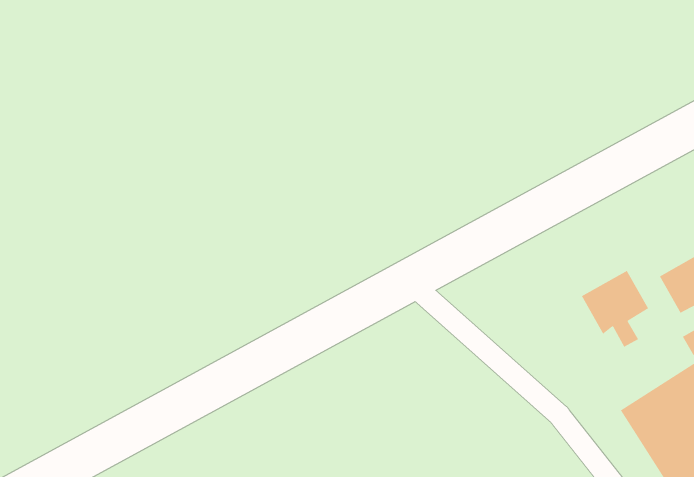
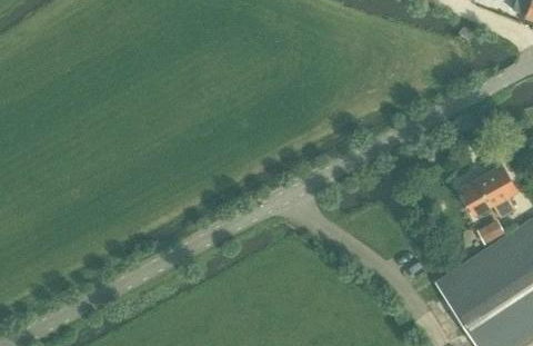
building: [581,270,649,348] -> none

